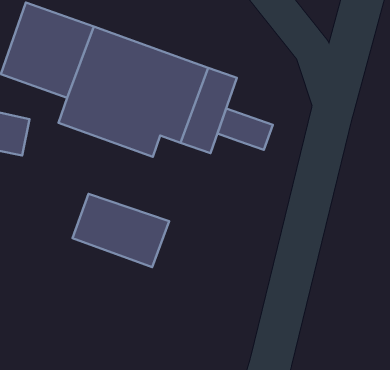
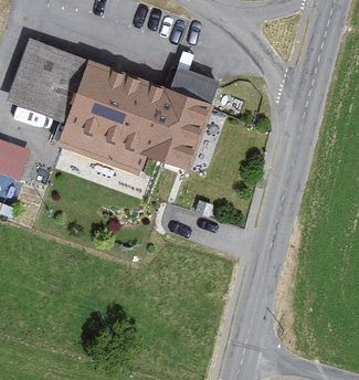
building: [217,108,273,150] -> [169,67,218,104]
building: [73,194,169,267] -> none

